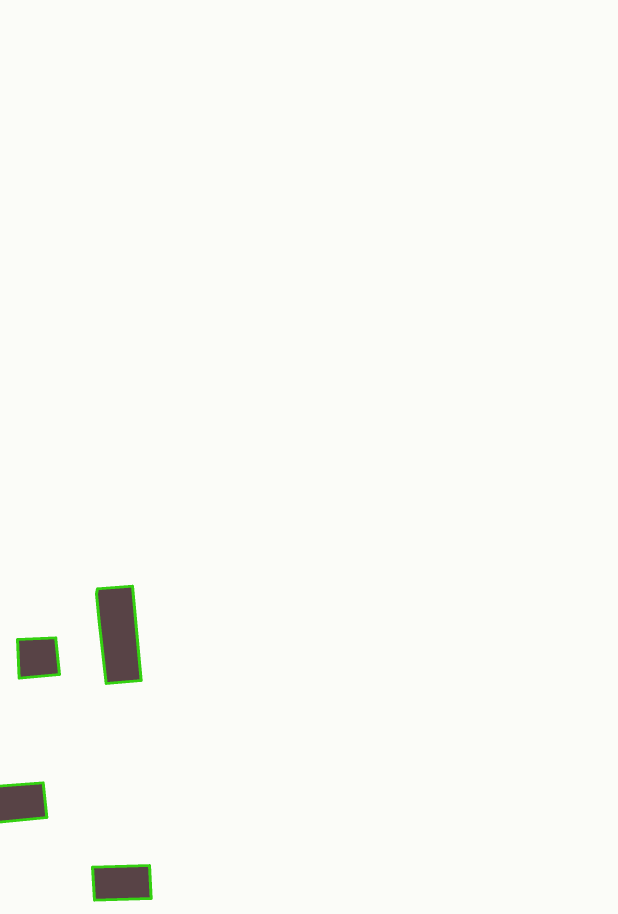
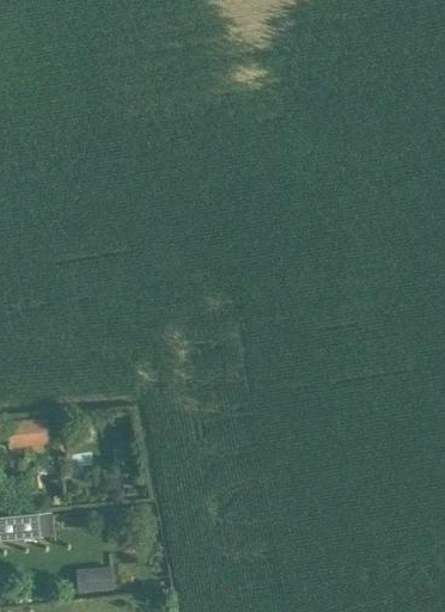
building: [96,586,141,683] -> none

